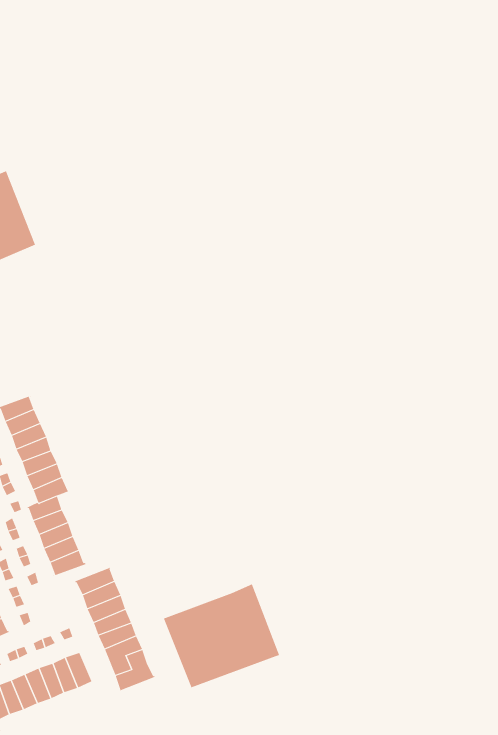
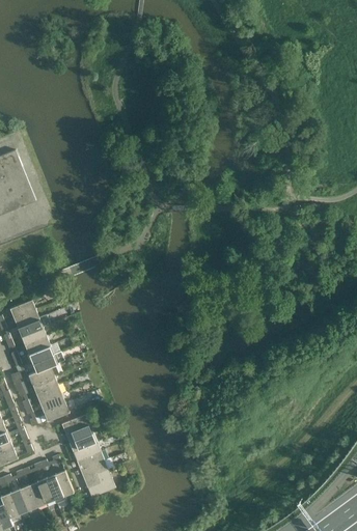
building: [163,583,280,688] -> none

